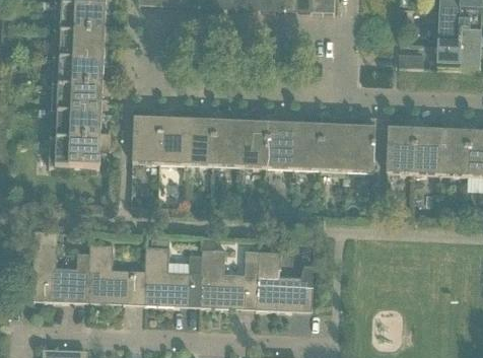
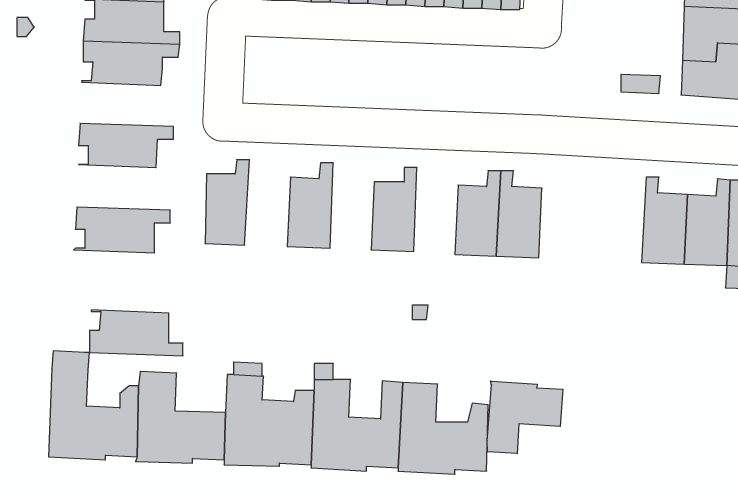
building: [52,59,112,87] -> none
building: [157,109,187,164] -> none
building: [212,111,240,166] -> none
building: [50,112,110,141] -> [90,310,183,356]
building: [266,114,294,169] -> none
building: [346,118,375,172] -> none
building: [386,120,415,174] -> none
building: none -> [487,381,563,454]

